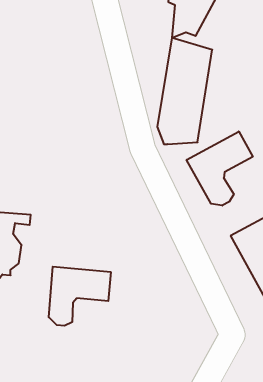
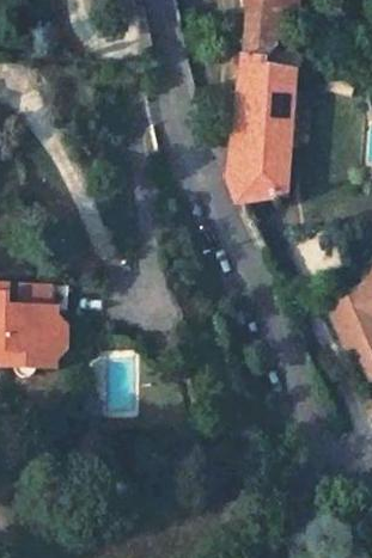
building: [187,131,253,206] -> none
building: [49,267,111,326] -> none

